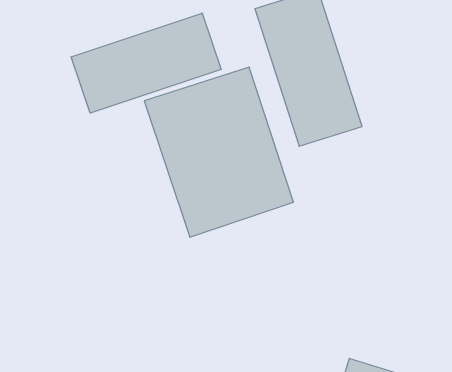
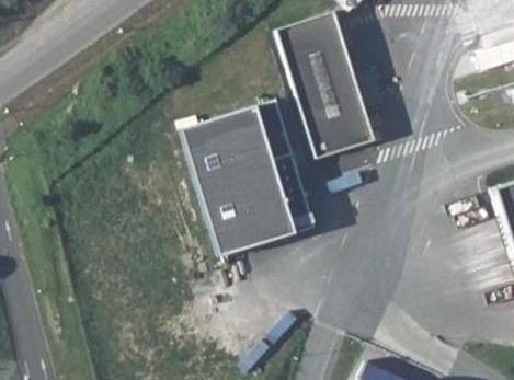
building: [71,13,221,113] -> none

